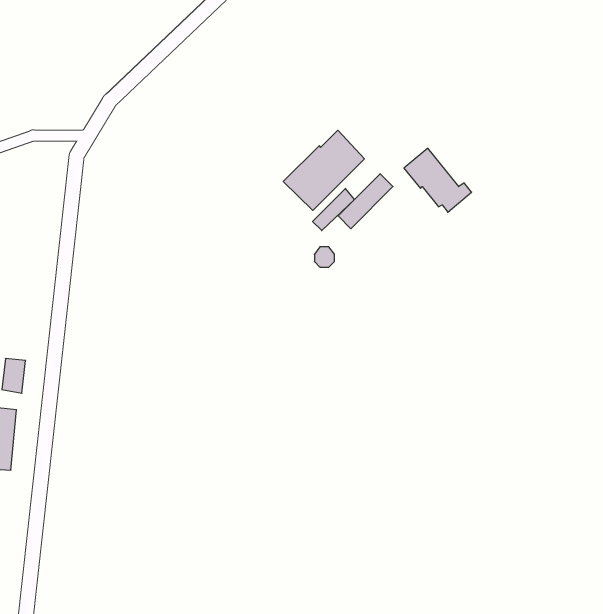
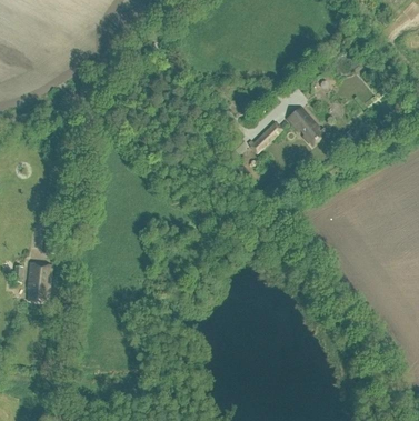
building: [283,130,364,210] -> none

